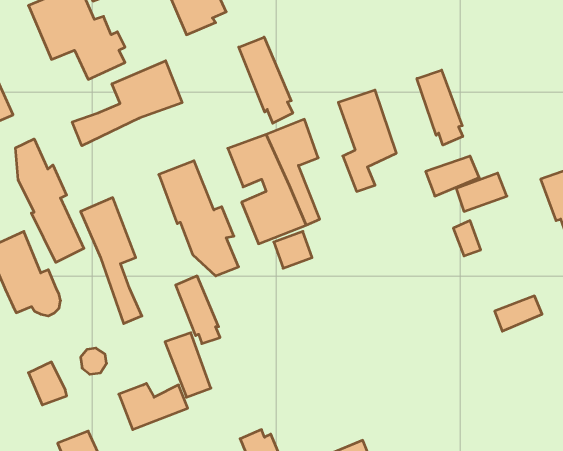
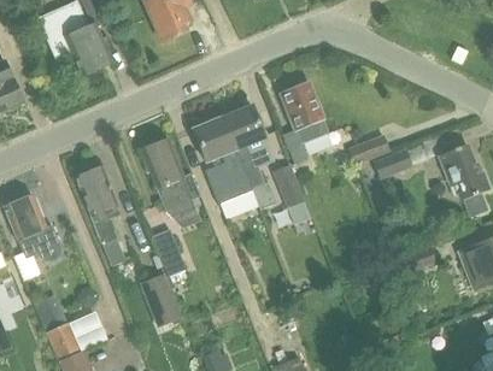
building: [239,37,293,123] -> none
building: [72,61,182,146] -> none
building: [417,70,463,145] -> none
building: [16,139,84,262] -> none
building: none -> [272,164,309,219]
building: [119,383,188,430] -> [47,322,101,358]

